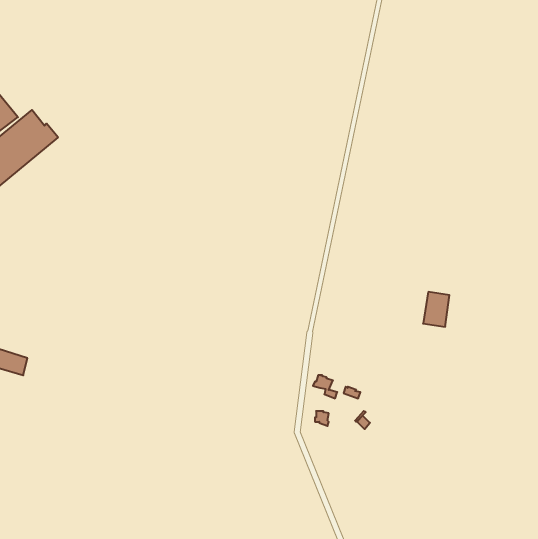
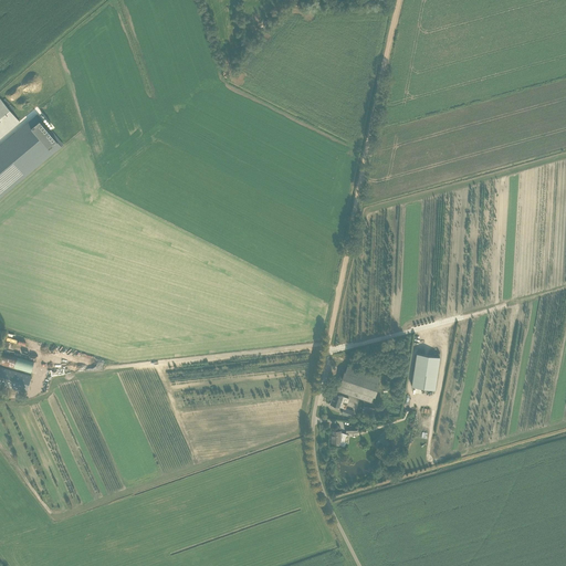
building: [423,292,449,327] -> [409,353,437,389]
building: none -> [334,365,377,401]

